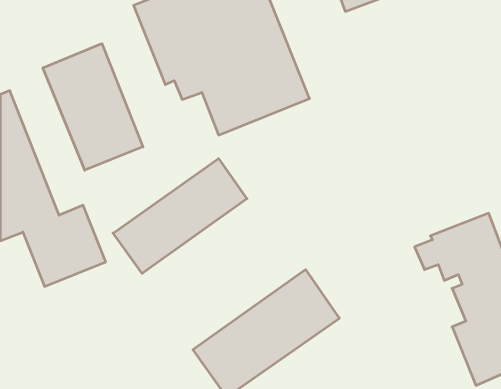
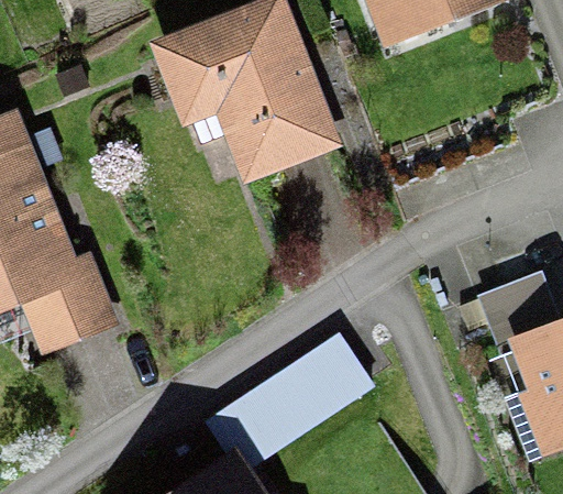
building: [43,44,143,170] -> none
building: [113,159,247,273] -> none

